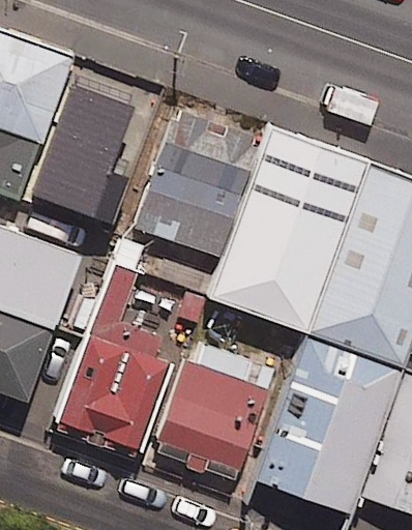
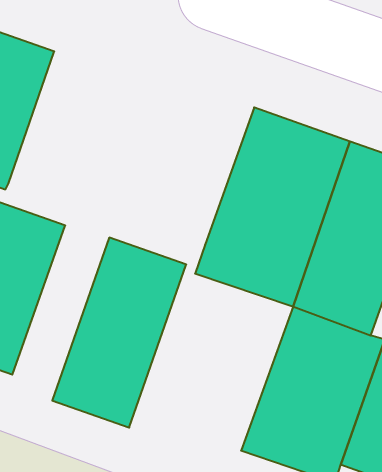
building: [18,66,140,231] -> none
building: [134,95,272,268] -> none
building: [155,360,273,496] -> none

